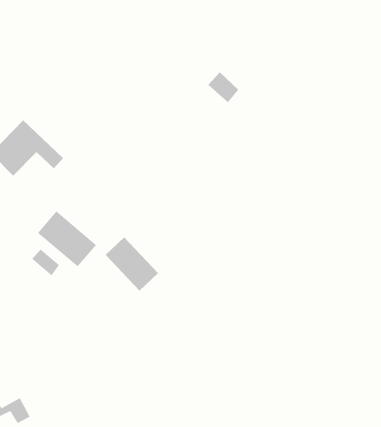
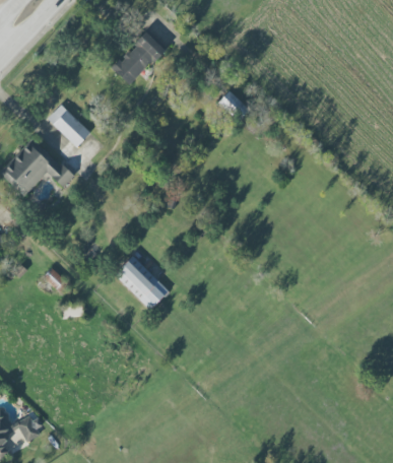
building: none -> [111,30,167,86]
building: none -> [48,105,91,147]
building: [37,211,97,267] -> none

